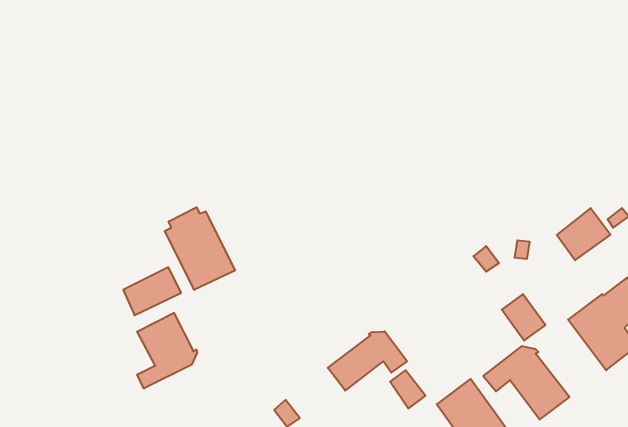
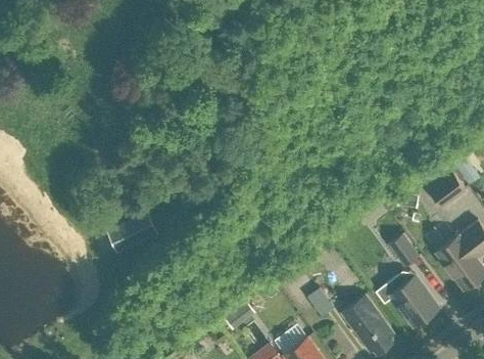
building: [165,207,235,290] -> none
building: [137,313,197,389] -> none
building: [328,331,407,391] -> none

